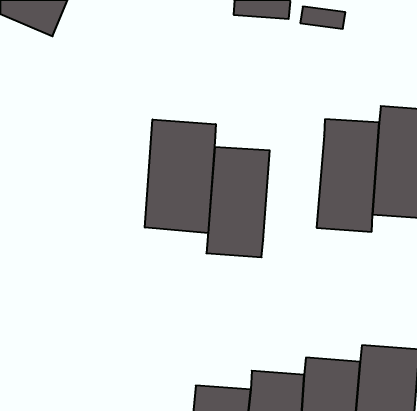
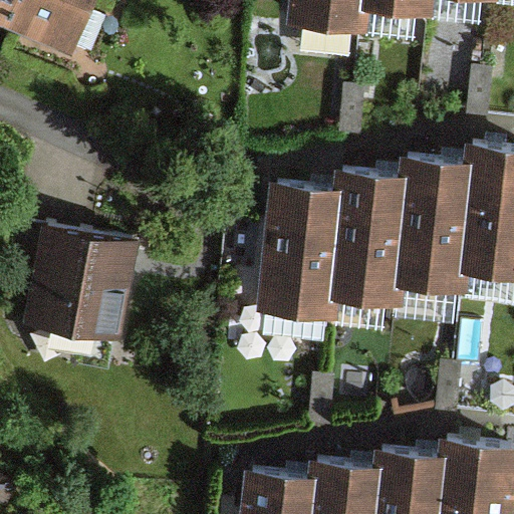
building: [145,119,216,233] -> none
building: none -> [325,173,400,308]
building: none -> [36,223,136,330]

